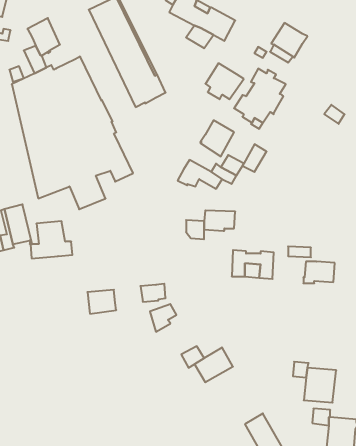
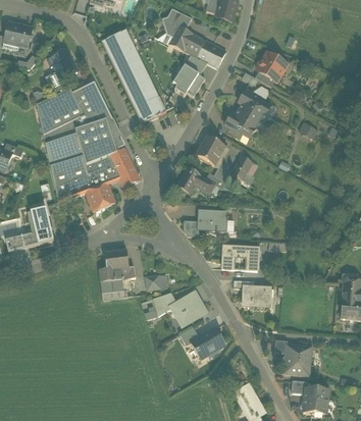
building: [205,63,244,99] -> [172,64,205,95]
building: [30,221,72,258] -> [99,249,135,280]
building: [303,262,335,283] -> [243,286,269,305]
building: none -> [168,292,206,325]

